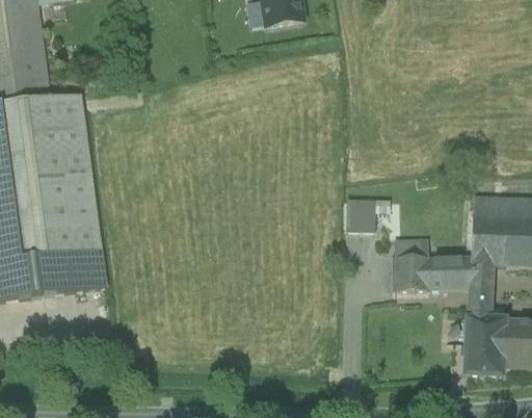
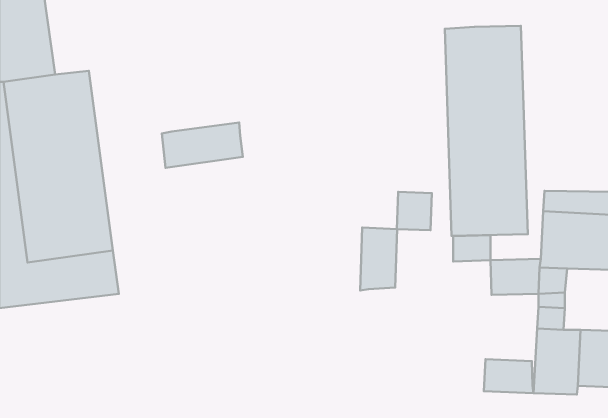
building: none -> [445,26,528,236]
building: none -> [162,122,243,168]
building: none -> [360,227,397,290]
building: [394,258,427,289] -> none
building: none -> [484,359,534,393]

